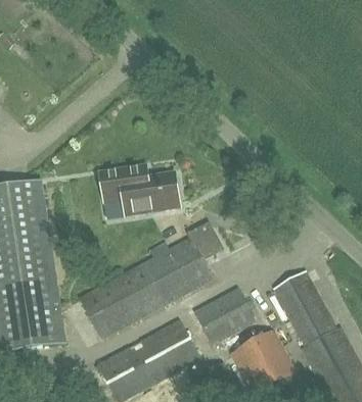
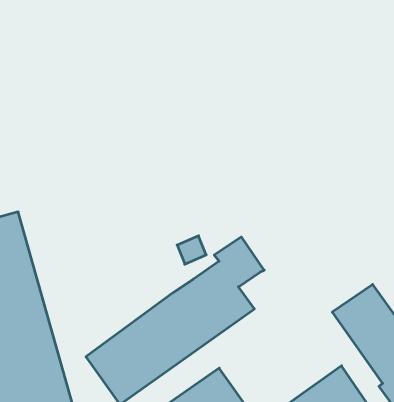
building: [100,164,181,214] -> none
building: [193,287,256,343] -> none

